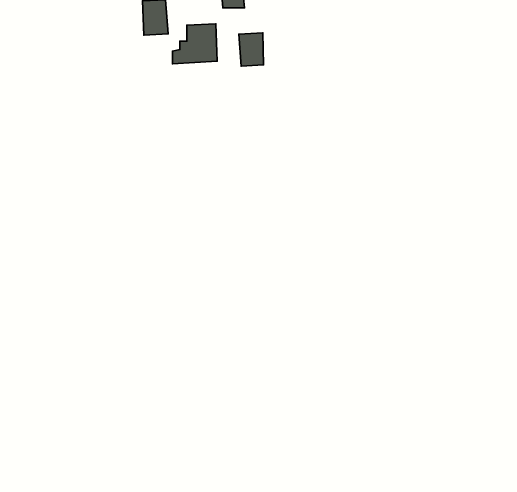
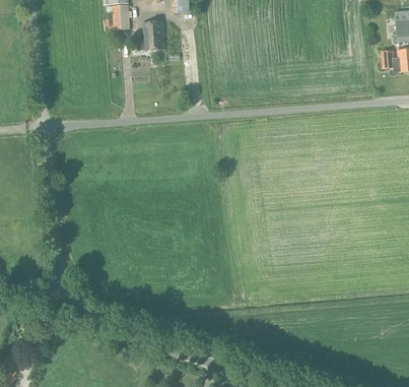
building: [239,33,263,66] -> none

